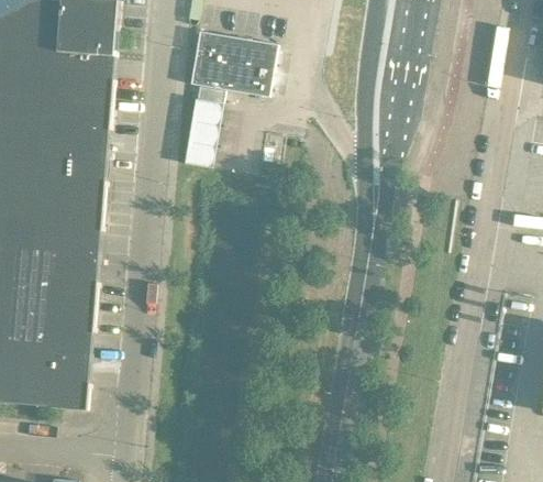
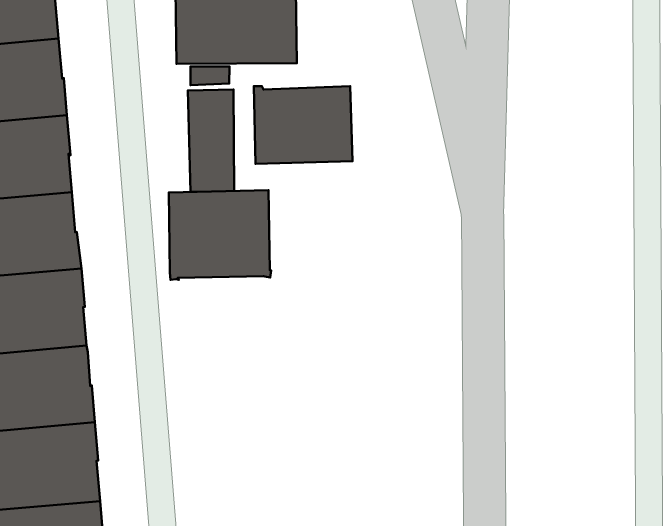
building: none -> [254,86,352,164]
building: none -> [169,190,271,280]

